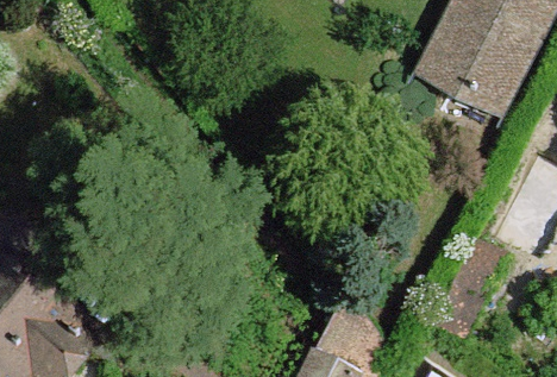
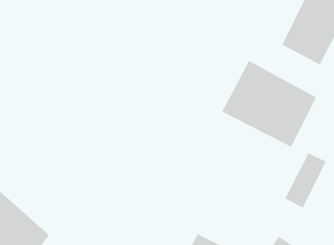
building: none -> [222,60,317,148]

